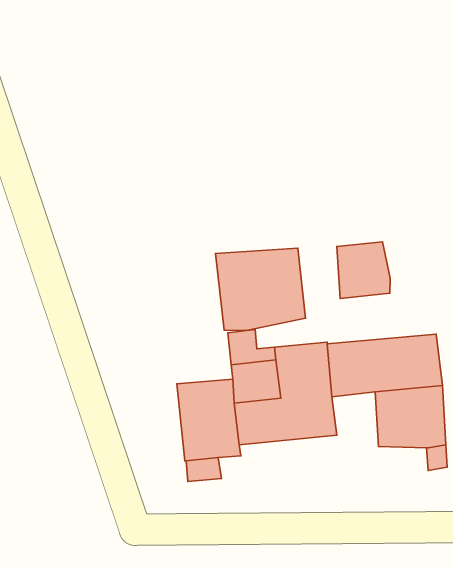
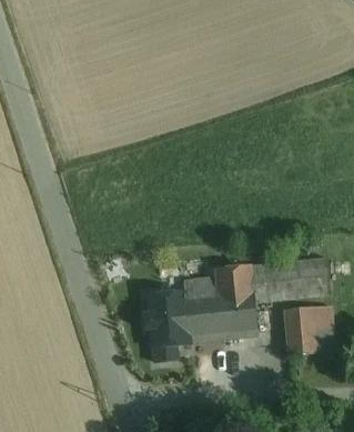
building: [337,242,390,299] -> none
building: [216,248,305,331] -> none

